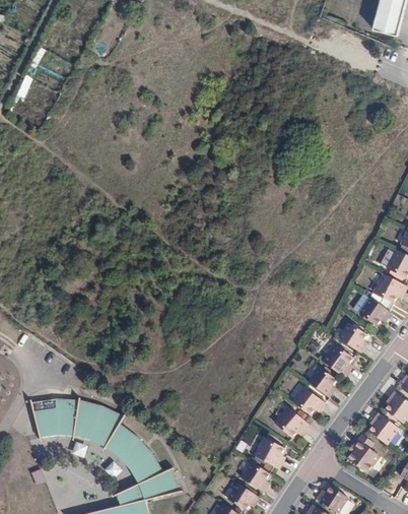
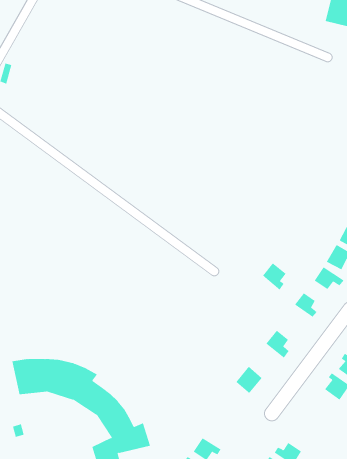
building: [323,346,349,377] -> [262,263,286,290]
building: [292,388,323,414] -> none
building: [256,440,281,467] -> none
building: [352,443,381,472] -> none
building: [242,462,267,491] -> none

